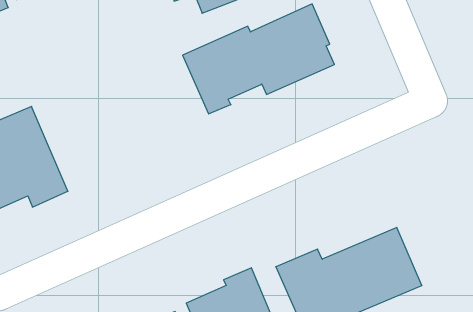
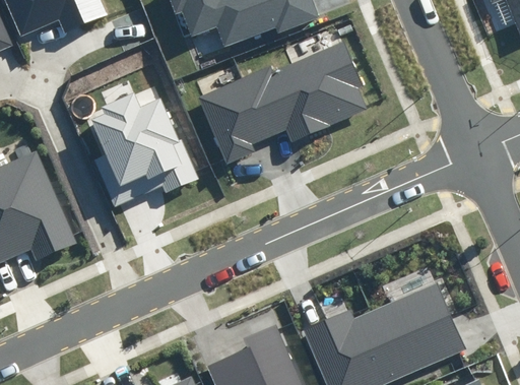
building: none -> [87,92,198,208]

